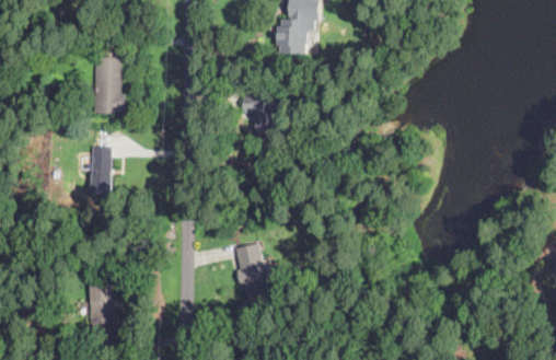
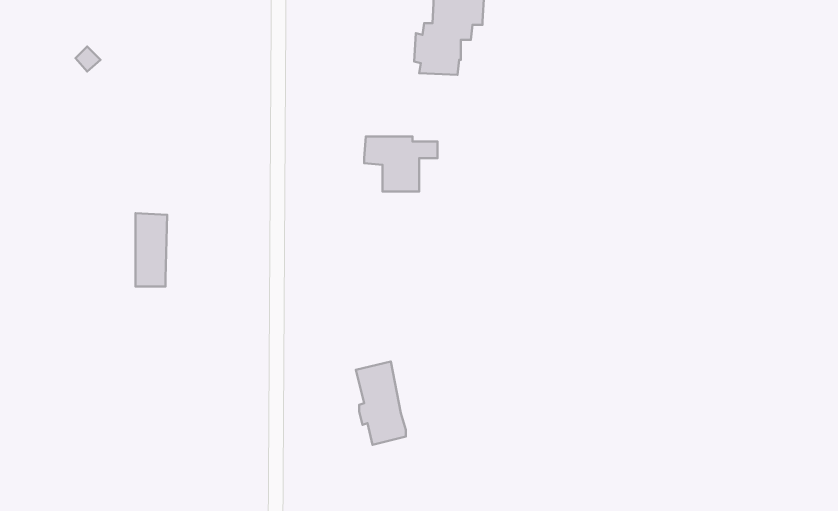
building: [95,56,124,111] -> none
building: [90,282,114,335] -> none

